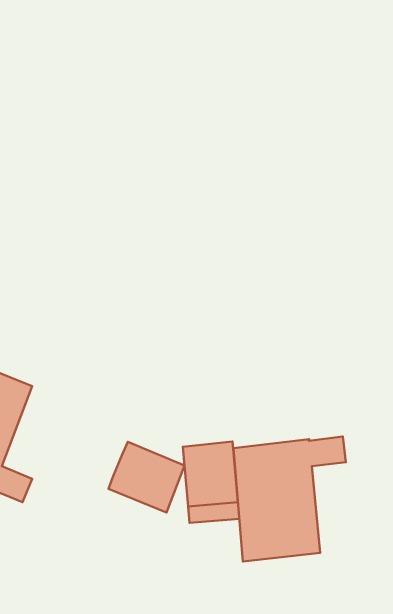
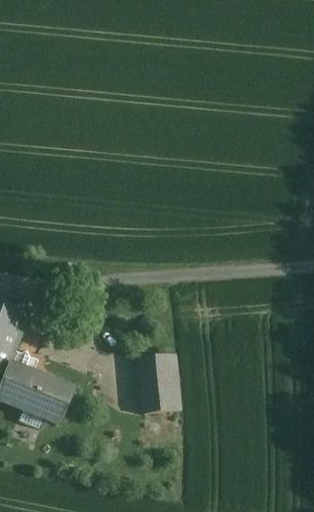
building: [233,437,346,561] -> none
building: [108,442,184,512] -> [18,370,74,422]

